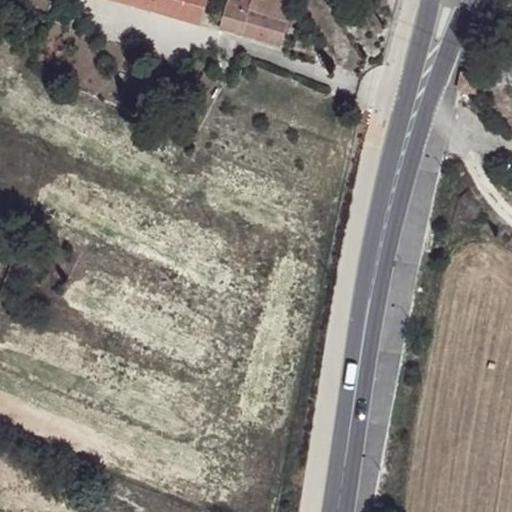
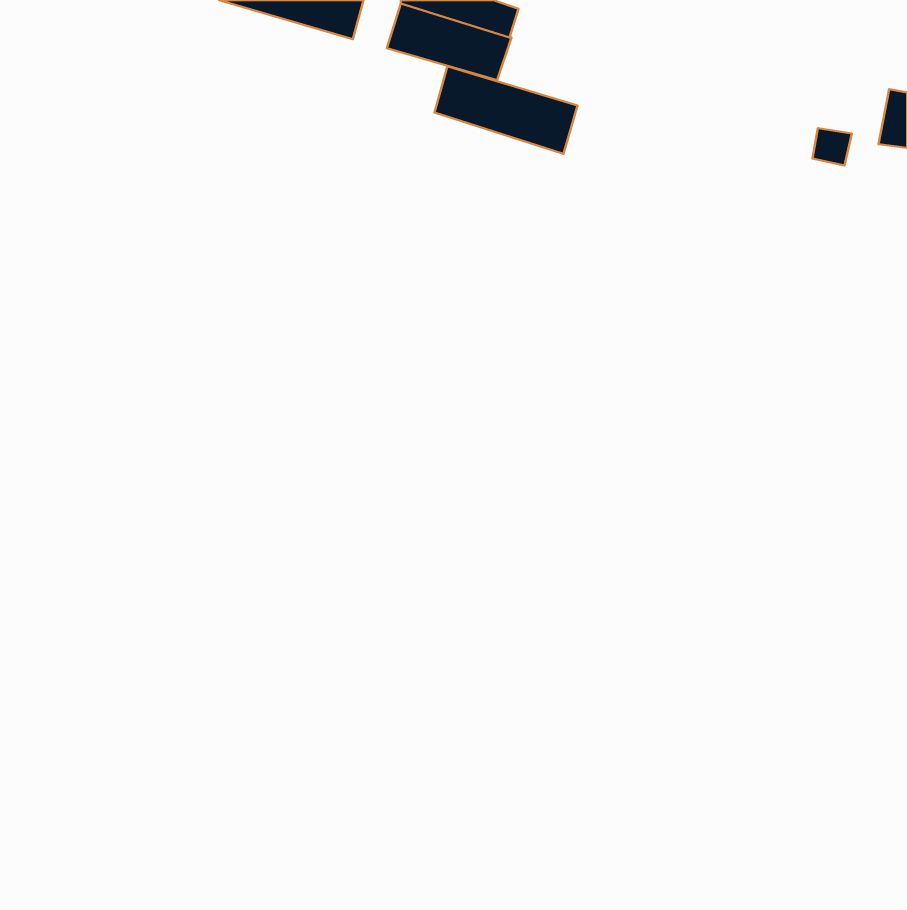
building: none -> [435,66,578,154]

